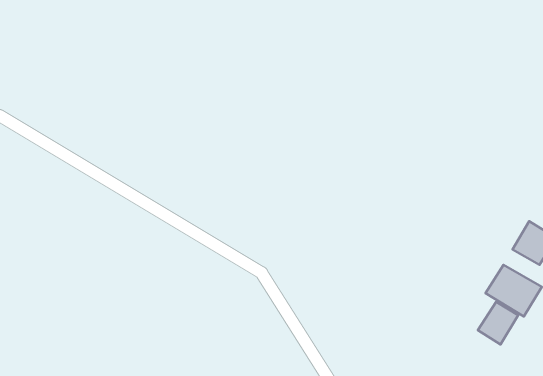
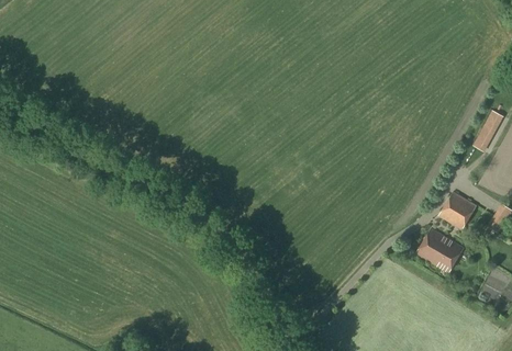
building: [478,302,518,345] -> none

